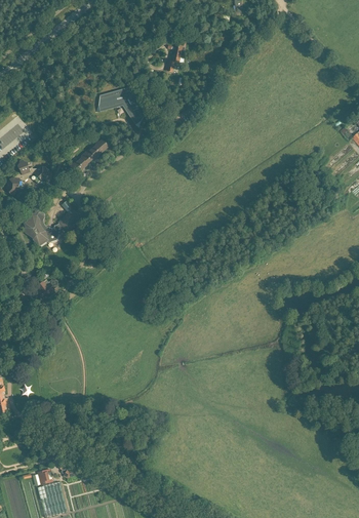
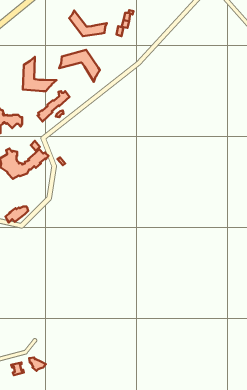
building: none -> [69,10,107,36]
building: none -> [23,57,56,91]

